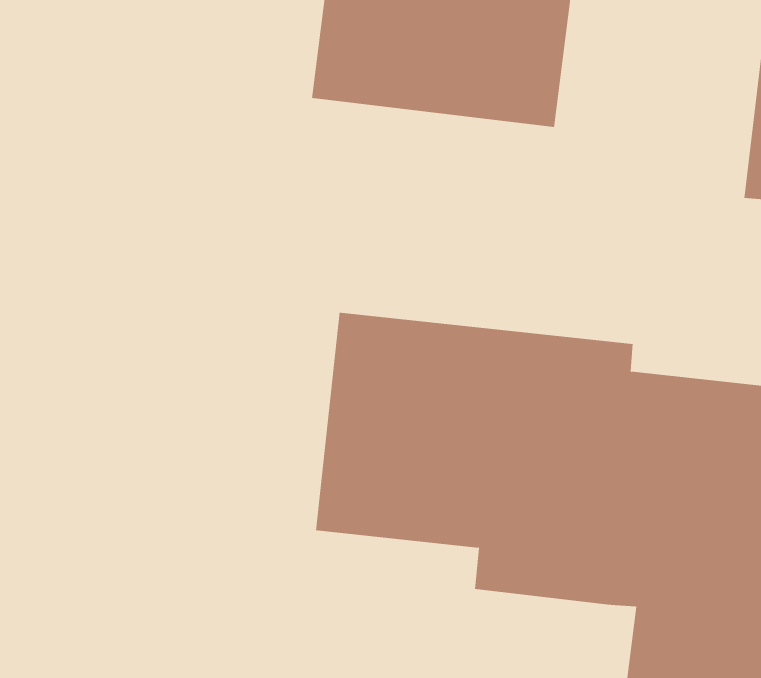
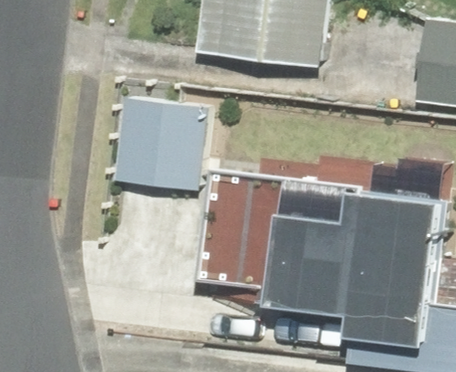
building: none -> [112,97,203,185]

